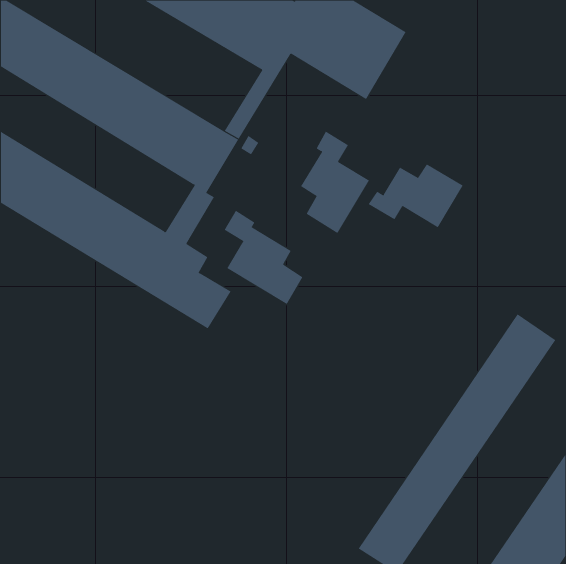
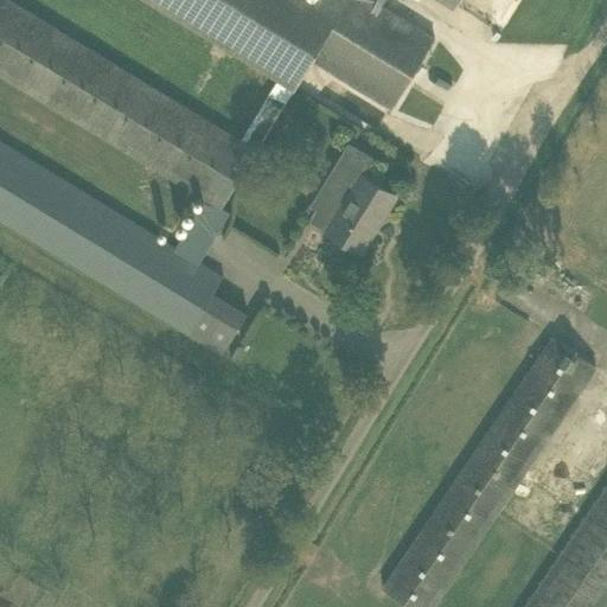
building: [368,163,464,228] -> none
building: [224,210,303,305] -> none

